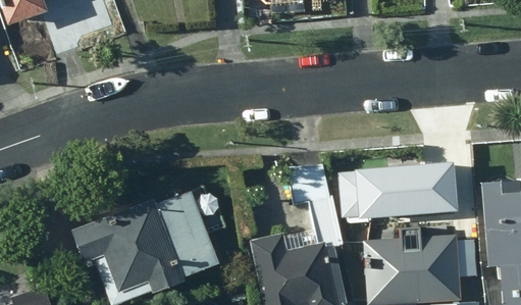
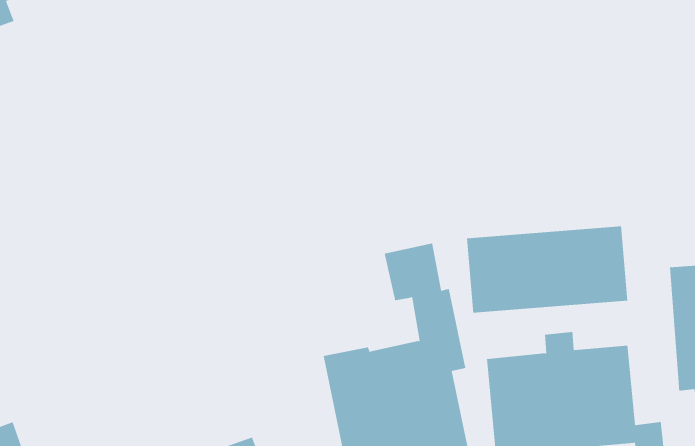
building: [69,190,216,289] -> none

